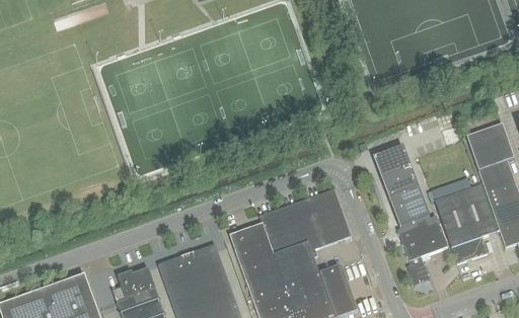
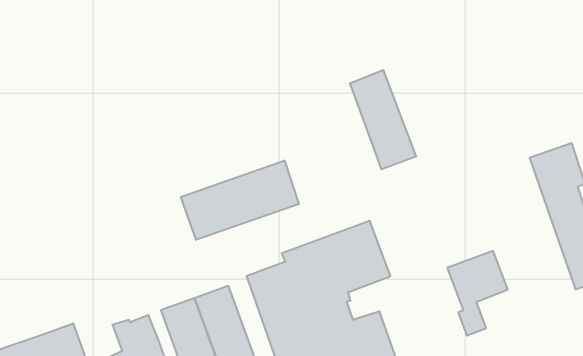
building: none -> [181,160,299,240]
building: [374,144,430,227] -> [350,70,416,169]
building: [435,183,497,262] -> none

